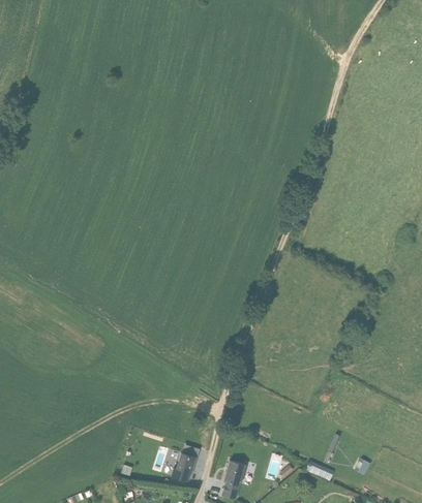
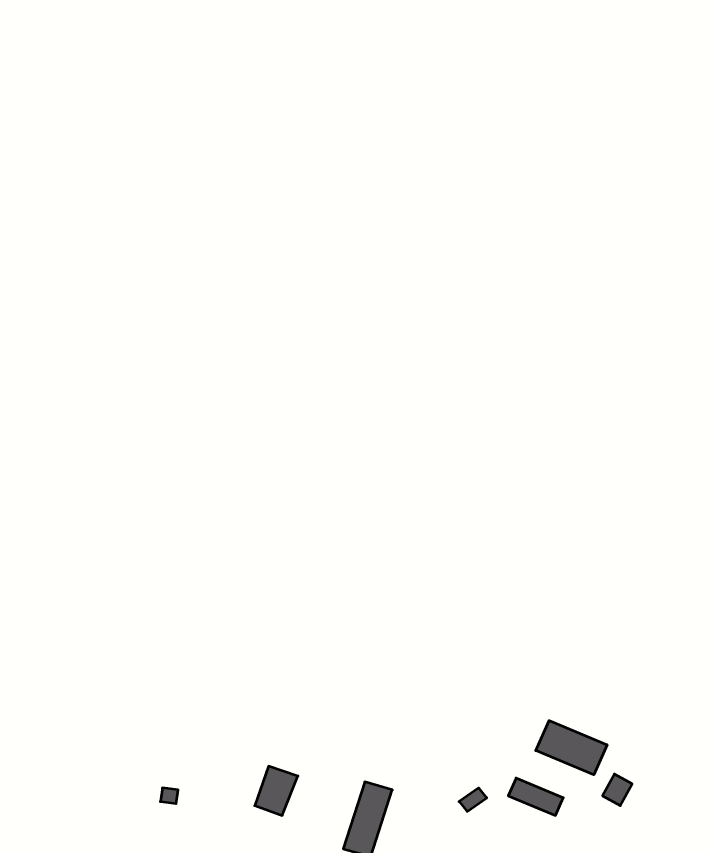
building: none -> [536,721,607,775]

